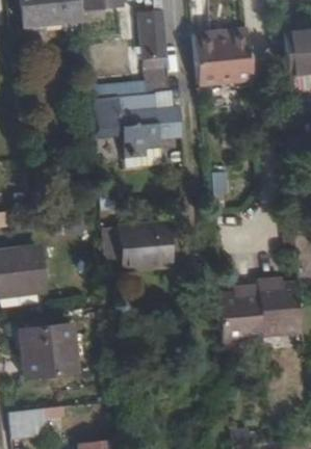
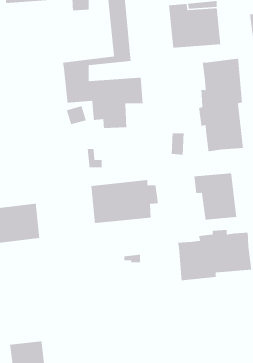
building: none -> [198,58,244,152]
building: none -> [194,172,237,221]
building: [26,325,82,377] -> none

